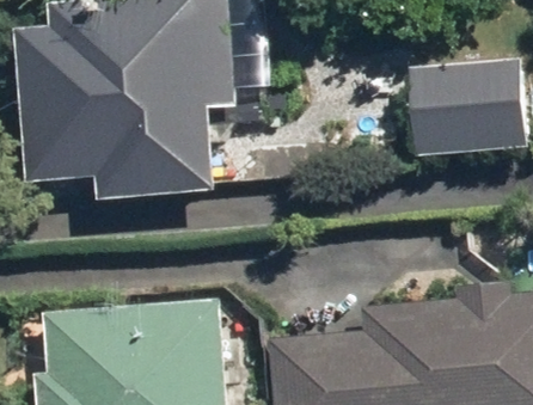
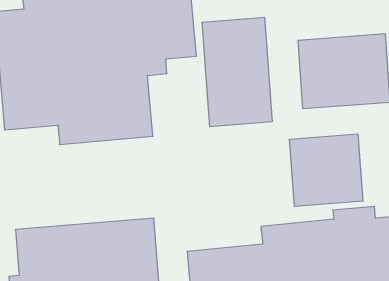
building: none -> [202,17,272,127]
building: none -> [289,134,363,207]

